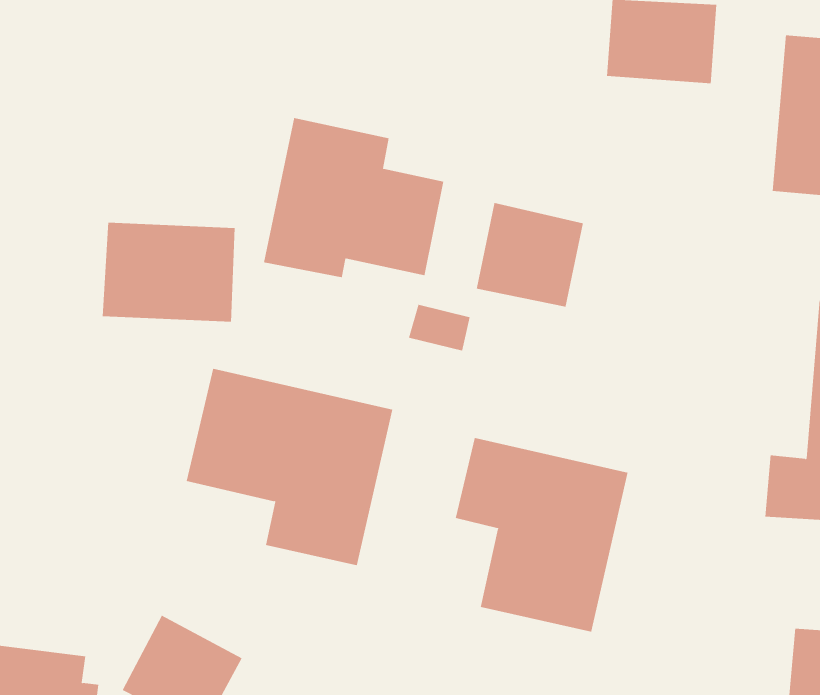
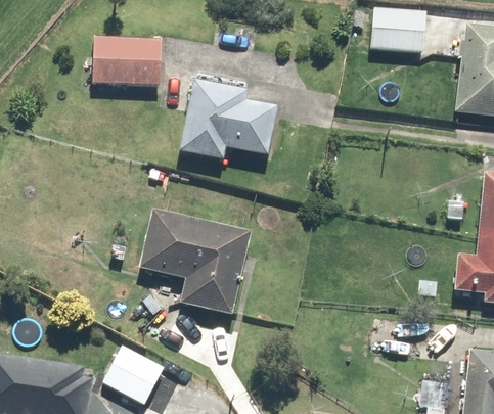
building: [476,202,583,308] -> none
building: [102,222,236,322] -> [91,33,164,87]
building: [455,437,628,632] -> none

